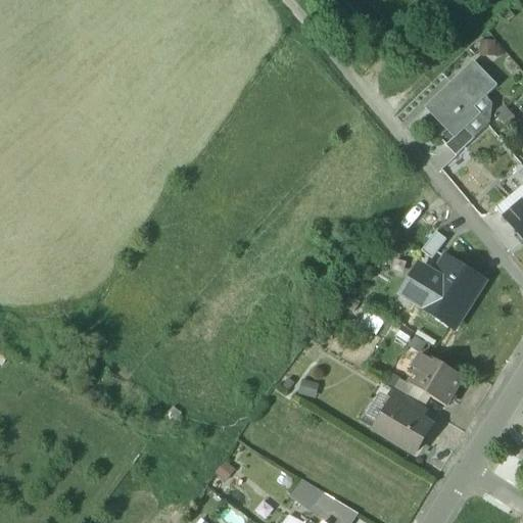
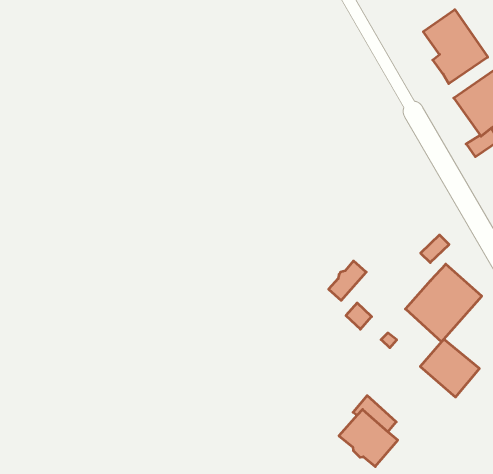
building: none -> [423,10,488,84]
building: [403,265,435,302] -> [329,261,366,300]
building: [410,353,464,405] -> [420,339,479,397]

